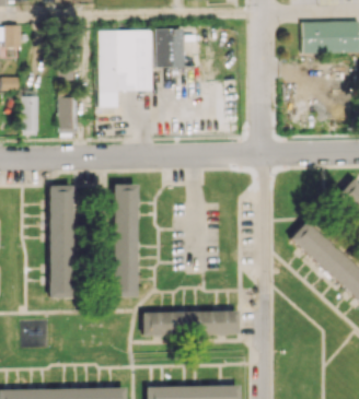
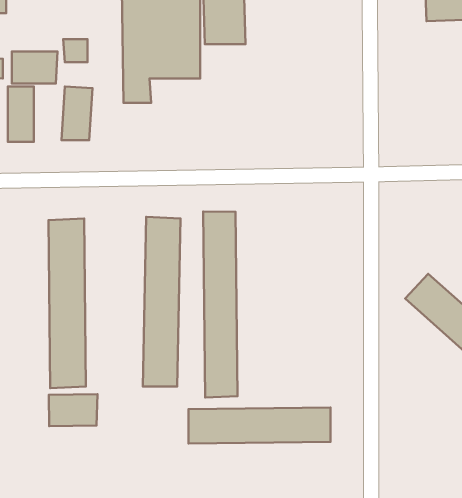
building: none -> [12,51,57,84]
building: none -> [203,212,237,398]
building: none -> [49,394,98,426]

